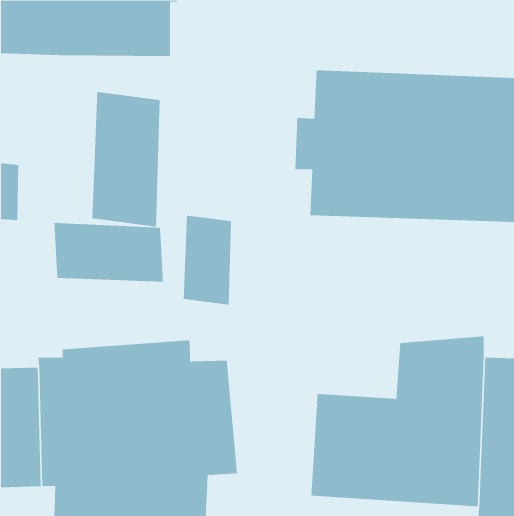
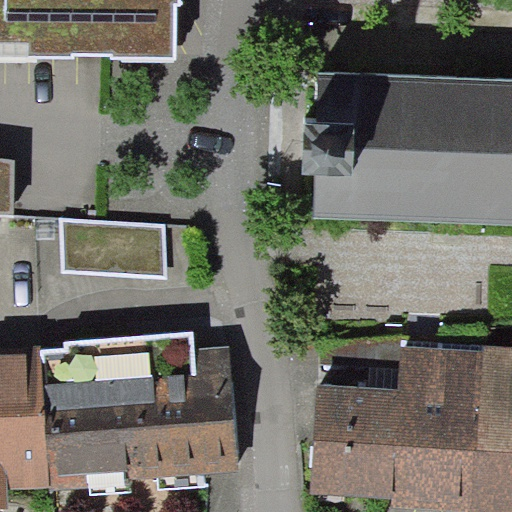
building: [92,91,160,227] -> none
building: [183,215,231,305] -> none

